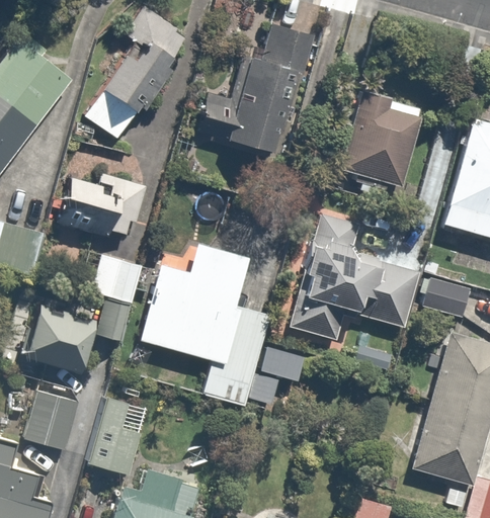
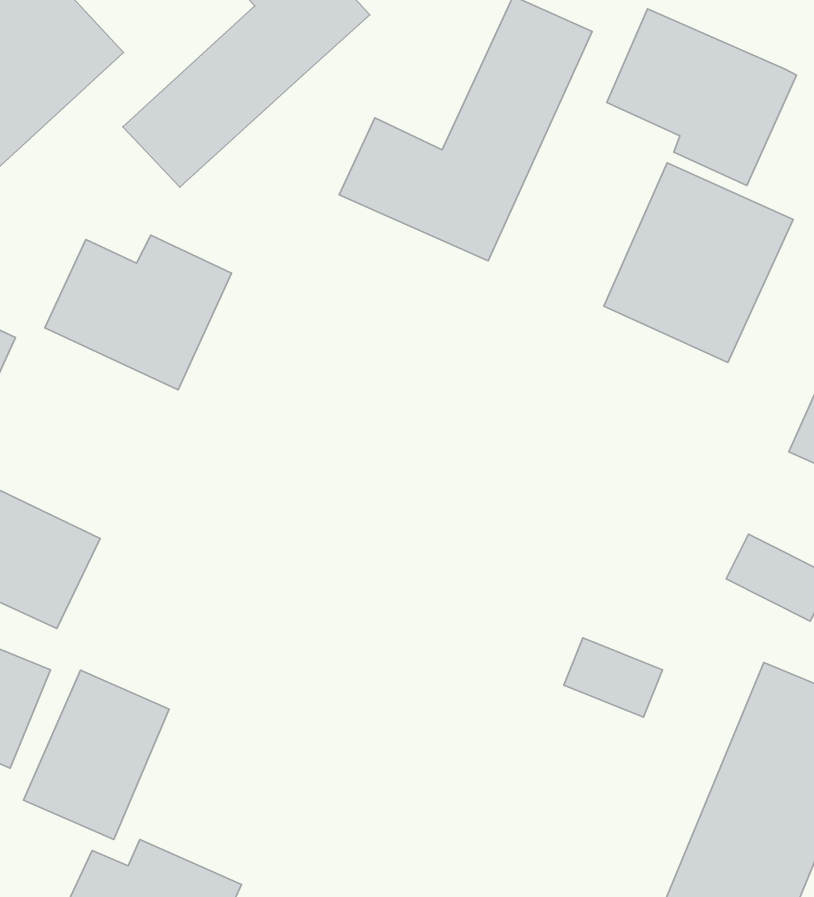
building: none -> [607,9,796,186]
building: [290,212,422,338] -> none
building: [140,243,311,408] -> none
building: [92,254,142,304] -> none

